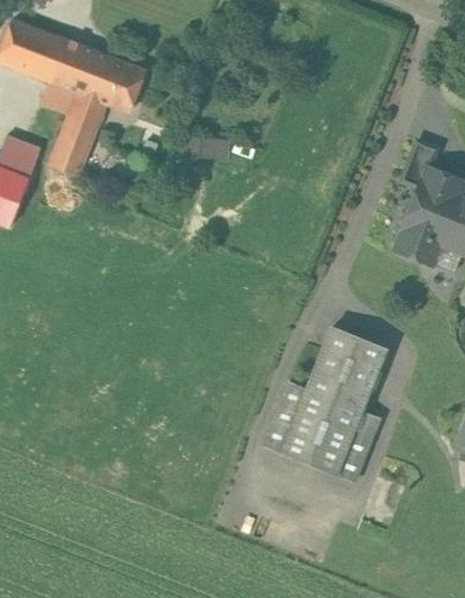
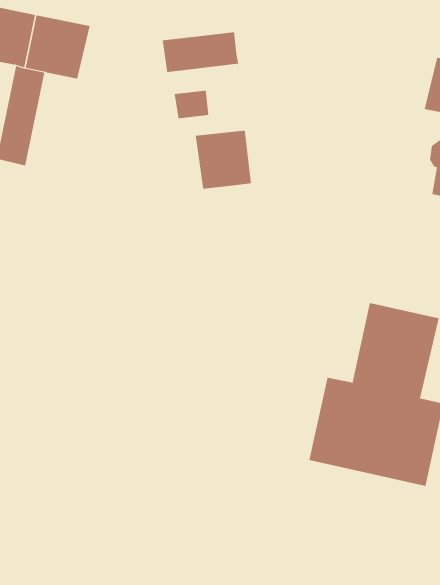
building: none -> [162,31,239,73]
building: none -> [195,130,252,190]

